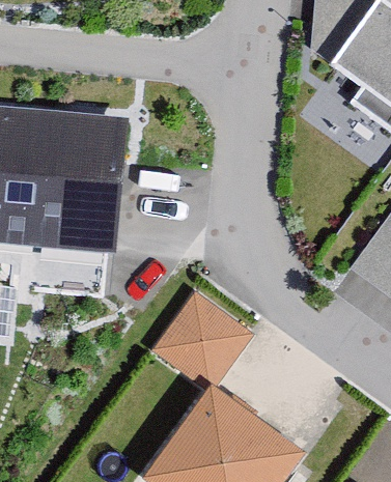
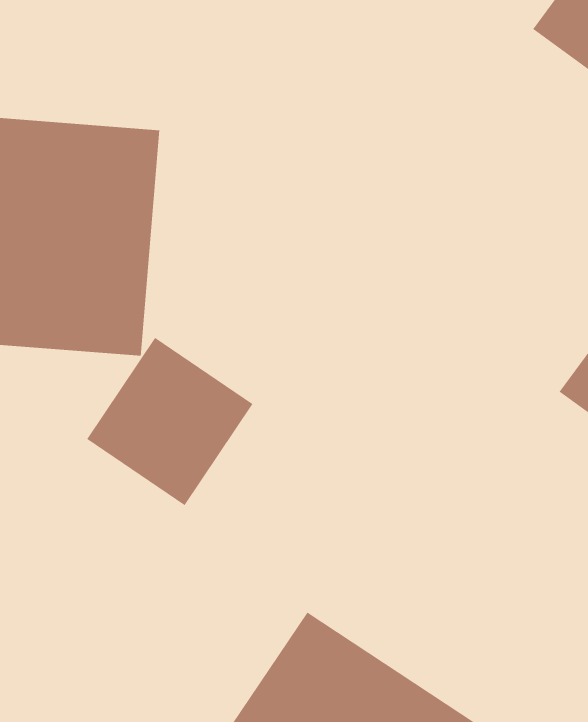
building: [155,294,248,389] -> [86,337,254,506]

